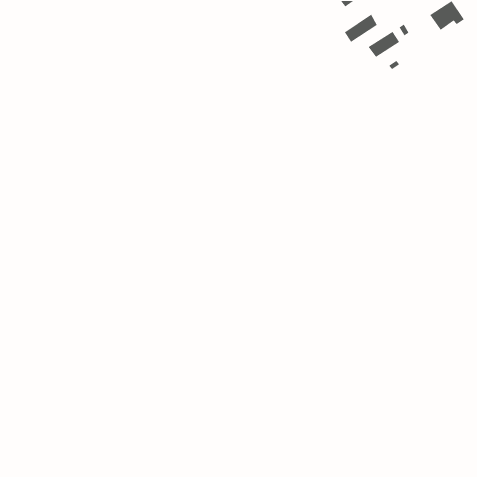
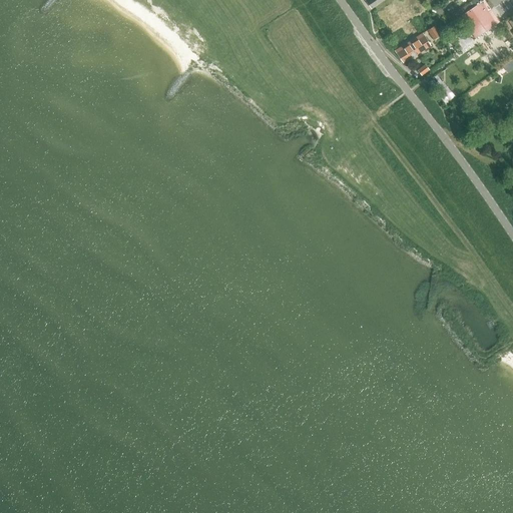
building: [344,14,378,43] -> none

